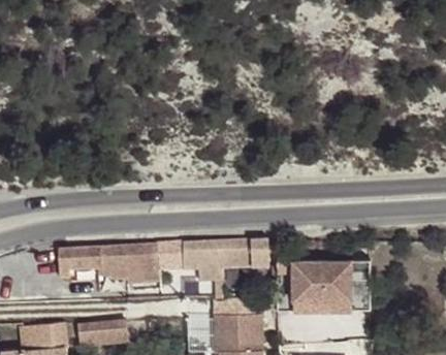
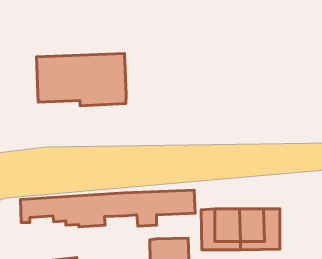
building: none -> [36,54,126,106]

